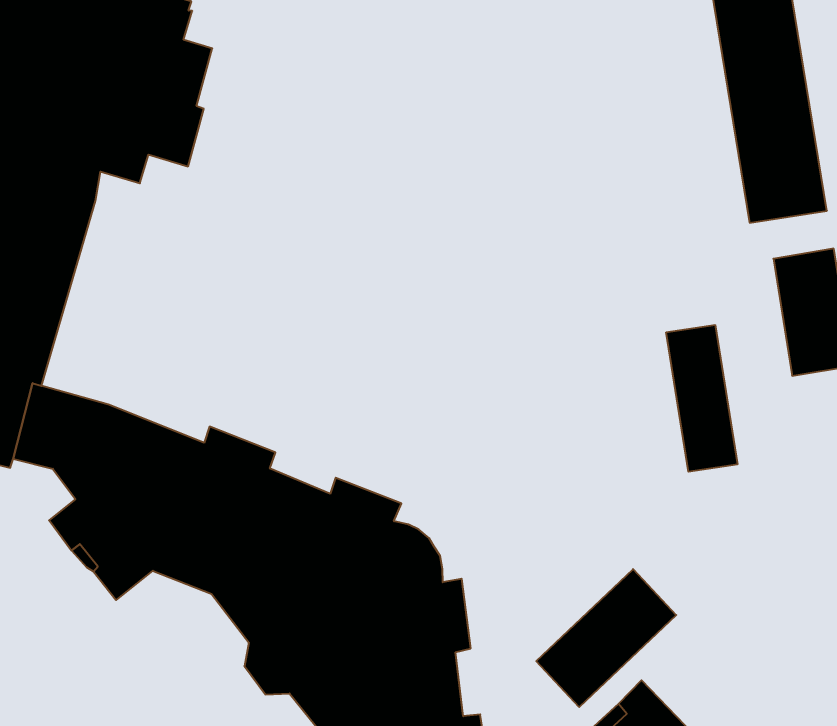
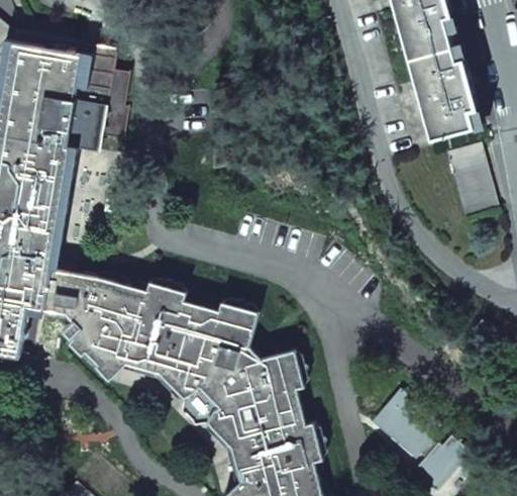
building: [666,325,737,472] -> none
building: [536,569,676,707] -> none

